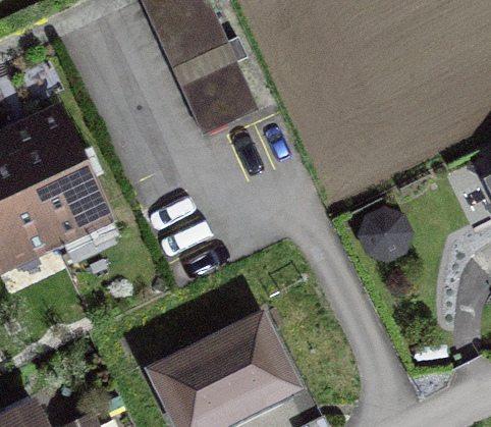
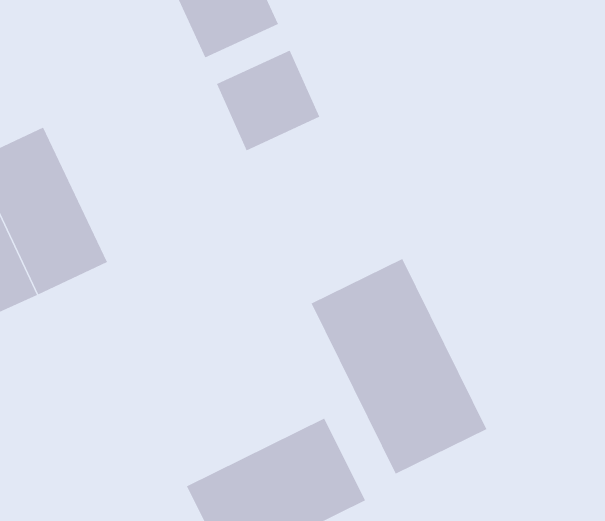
building: none -> [311,258,487,474]

